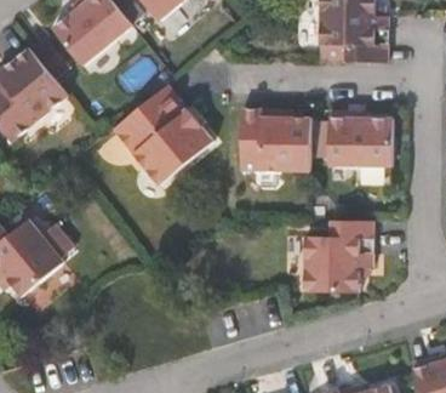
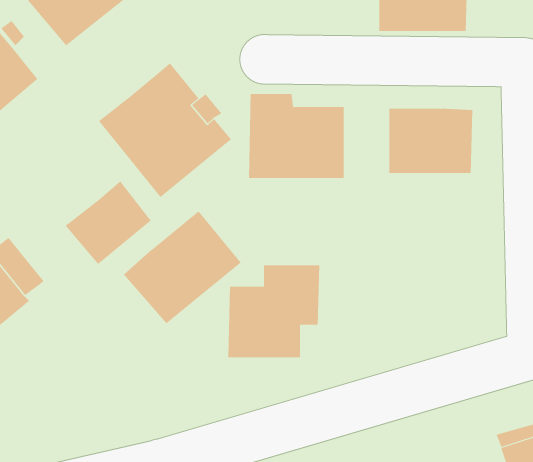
building: none -> [65,180,152,265]
building: none -> [123,211,241,324]
building: [302,220,371,289] -> [227,265,320,358]

